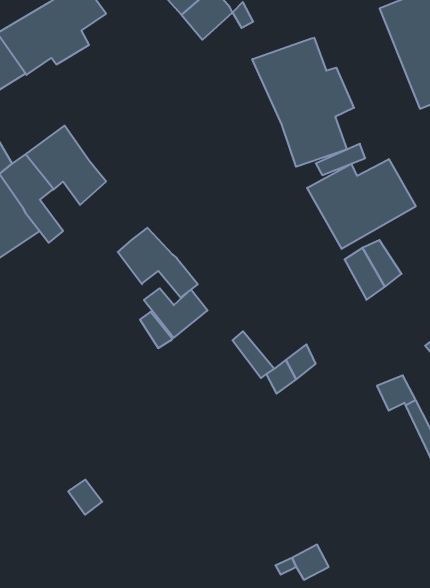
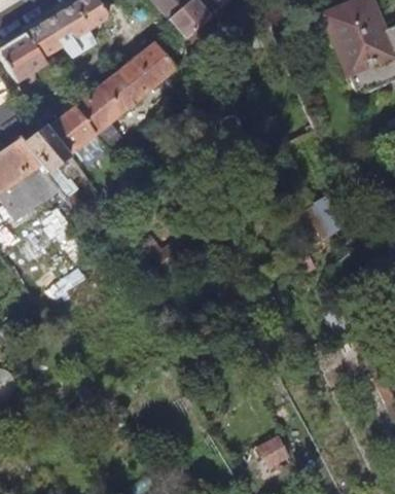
building: [252,38,354,167] -> none
building: none -> [74,39,177,152]
building: [307,159,416,249] -> none
building: [118,228,198,298] -> none

